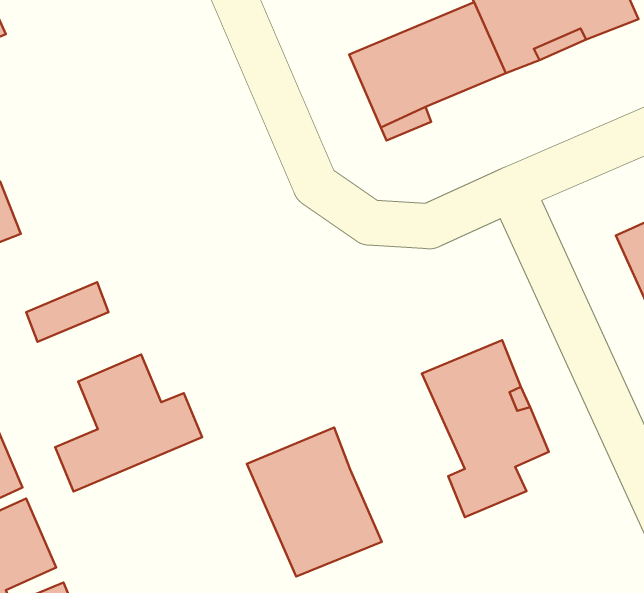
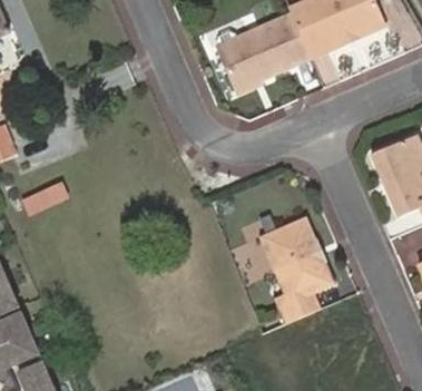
building: [55,354,202,491] -> none
building: [247,428,382,577] -> none

